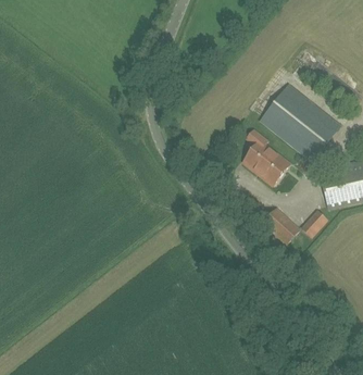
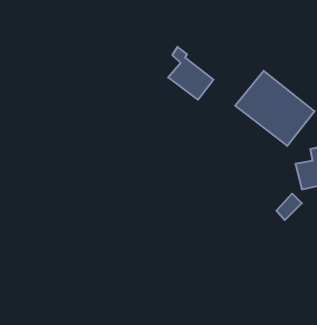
building: [242,129,289,184] -> [168,47,214,100]
building: [263,208,299,243] -> none

